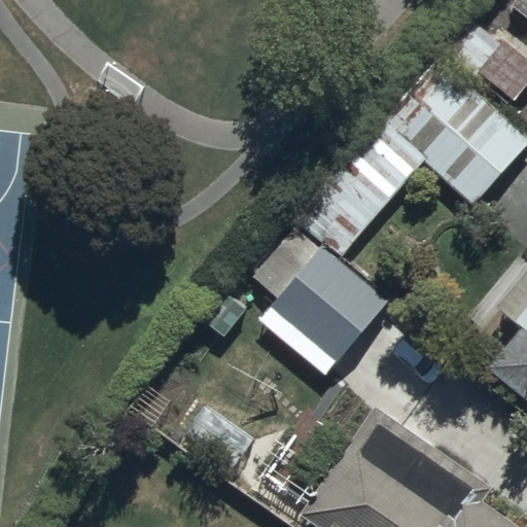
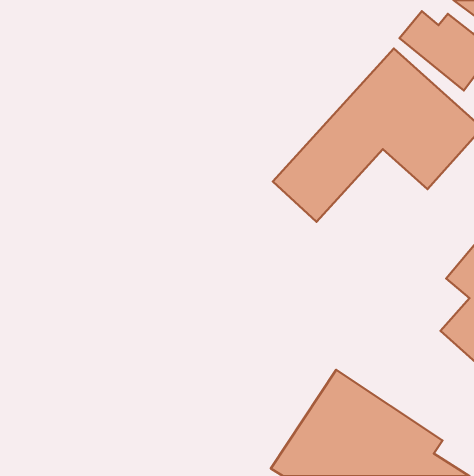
building: [252,227,387,379] -> none

